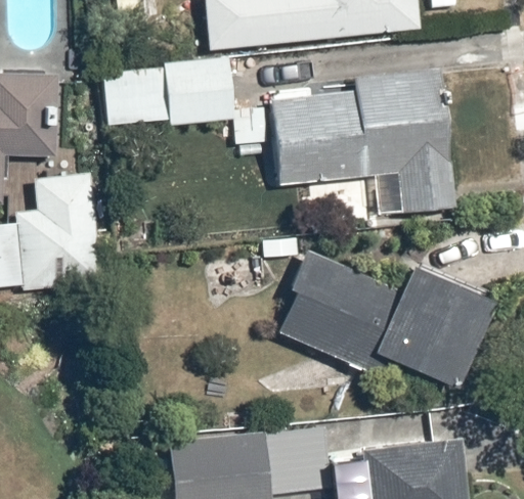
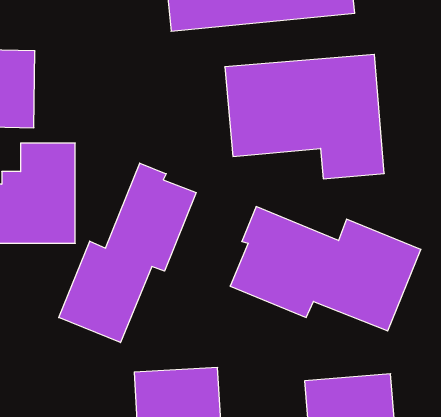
building: [102,59,233,125] -> none
building: none -> [59,163,196,343]

